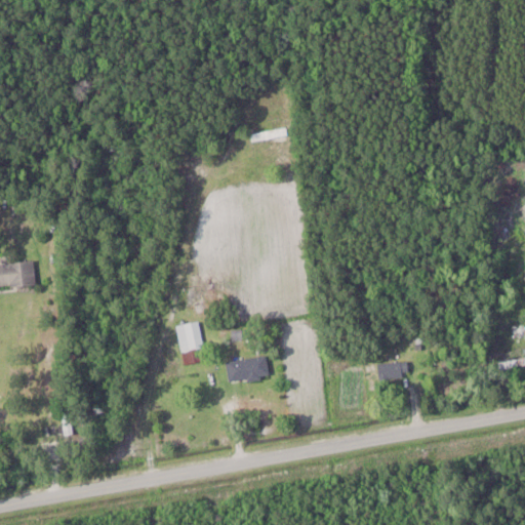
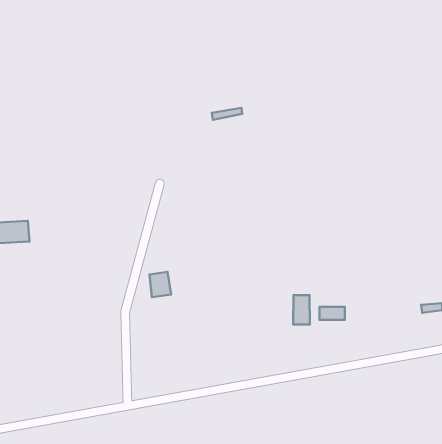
building: none -> [293,295,310,325]
building: [225,355,269,382] -> none

